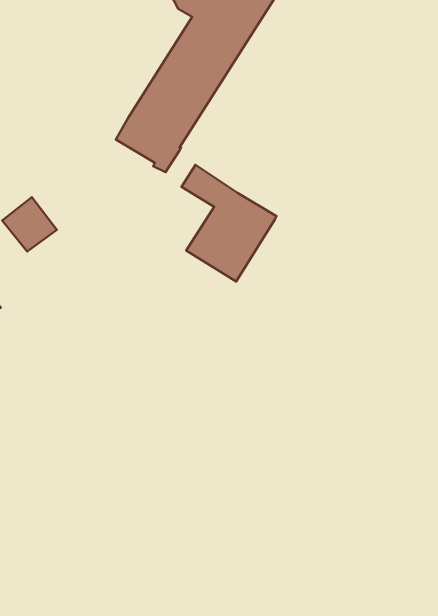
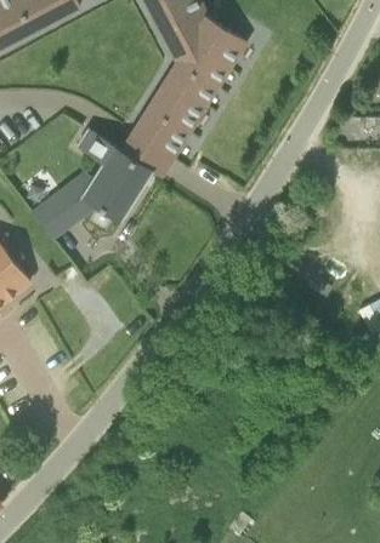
building: [182,165,276,282] -> [79,128,153,219]

